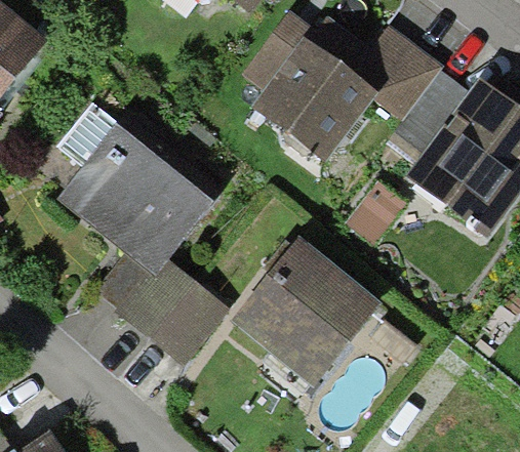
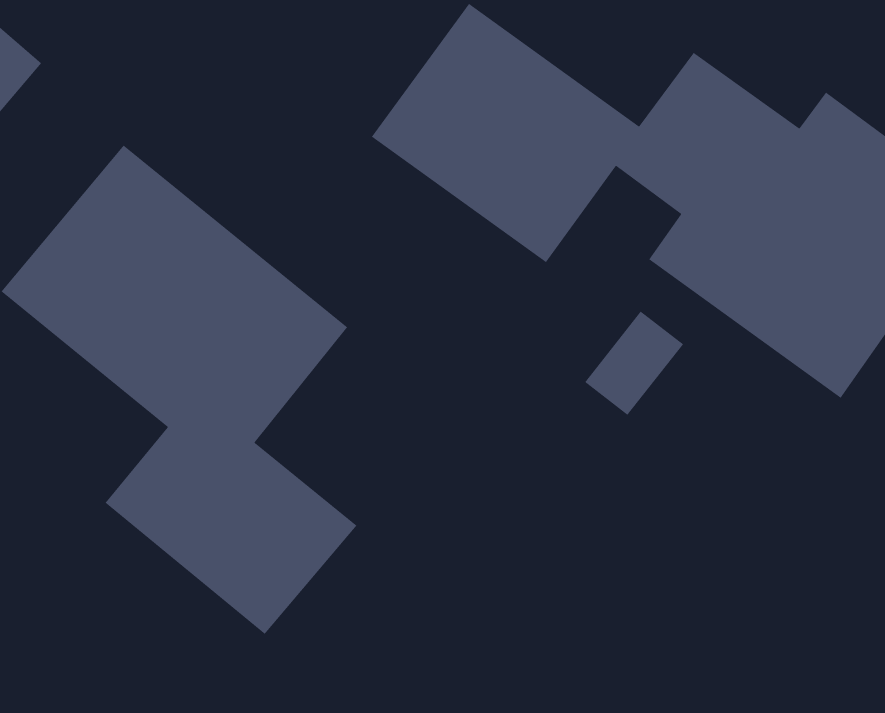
building: [228,240,371,381] -> none

